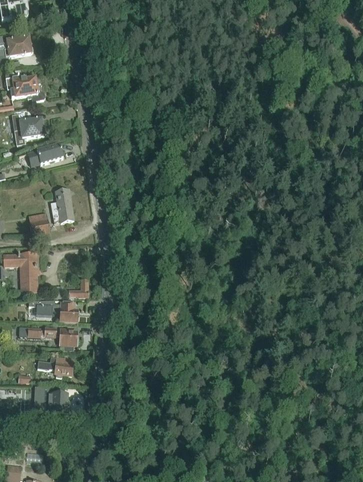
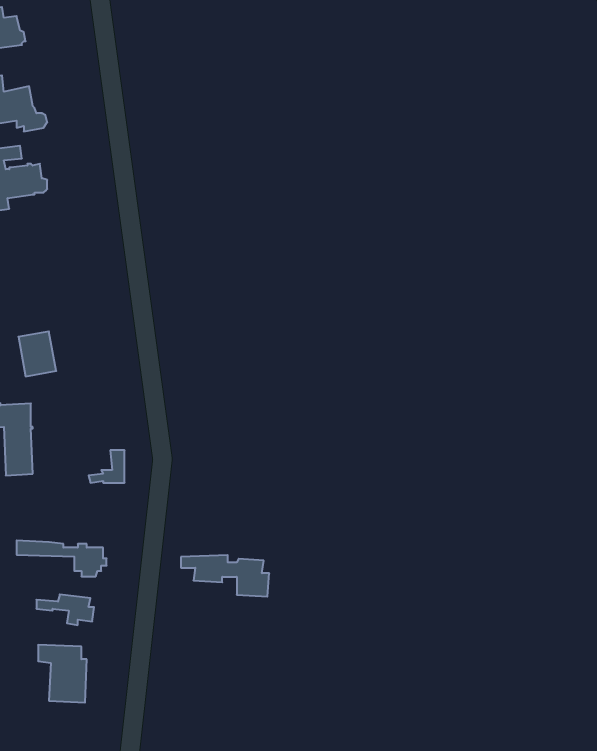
building: [27,143,63,166] -> none
building: [50,188,74,223] -> none
building: [29,299,78,322] -> [181,555,269,597]

